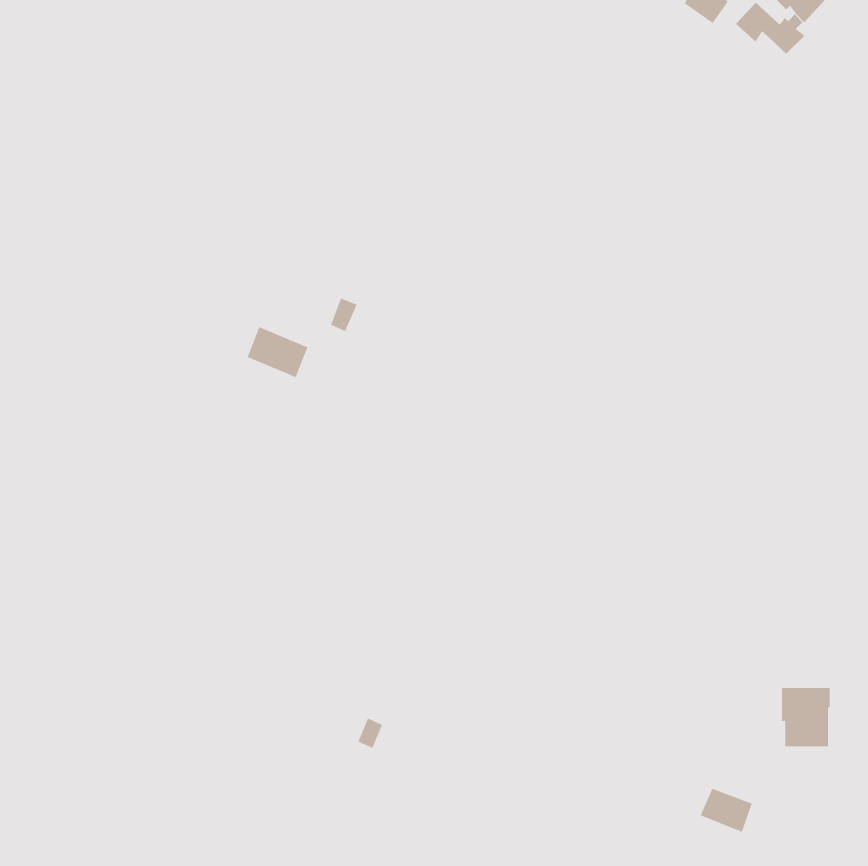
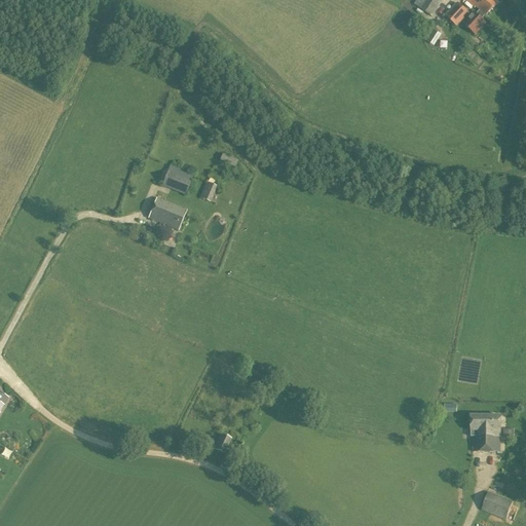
building: none -> [161,164,192,193]
building: [700,788,753,832] -> [480,491,512,518]

